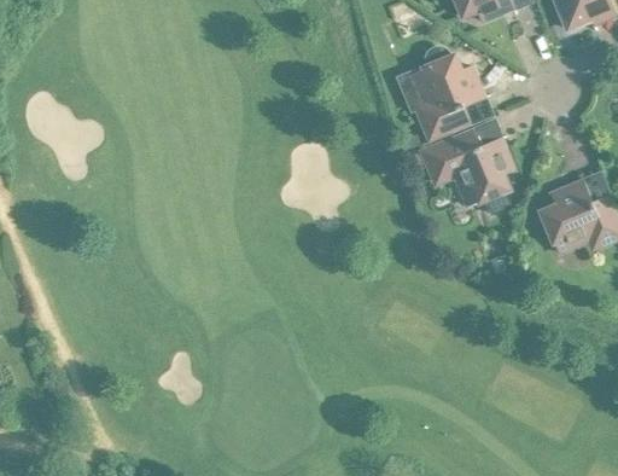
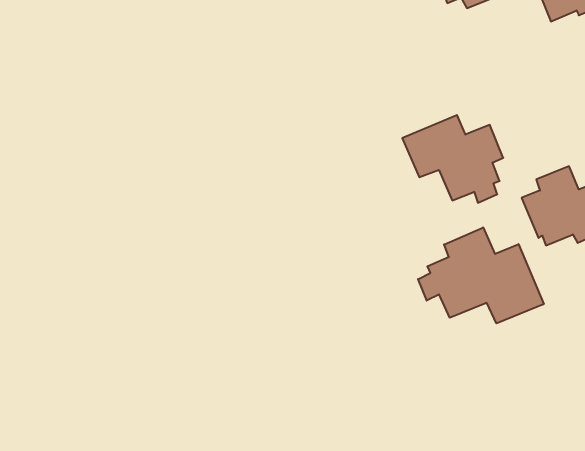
building: [409,47,488,141] -> none
building: none -> [418,227,544,323]

